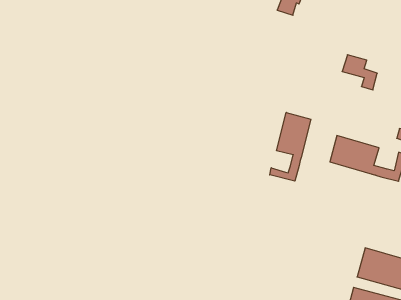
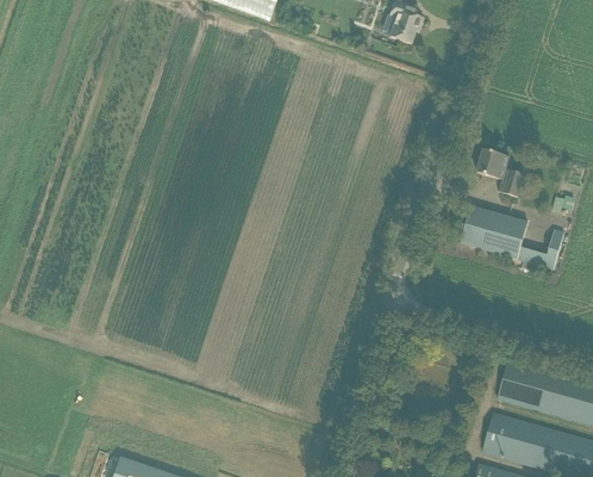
building: [342,55,377,90] -> [476,148,524,196]
building: [270,112,311,181] -> none

